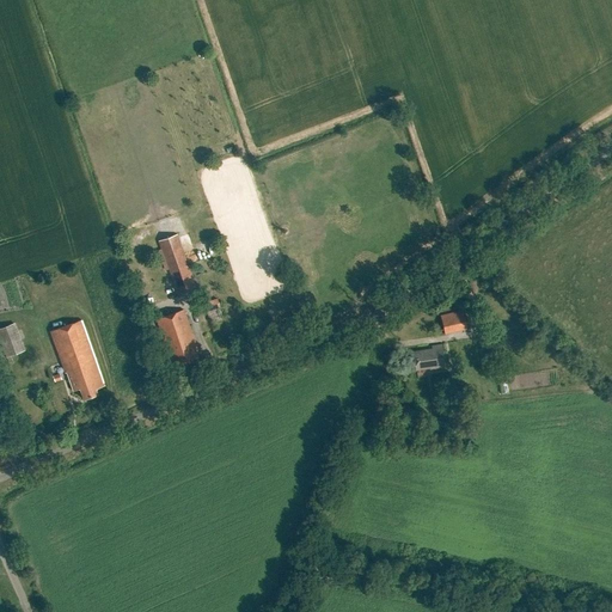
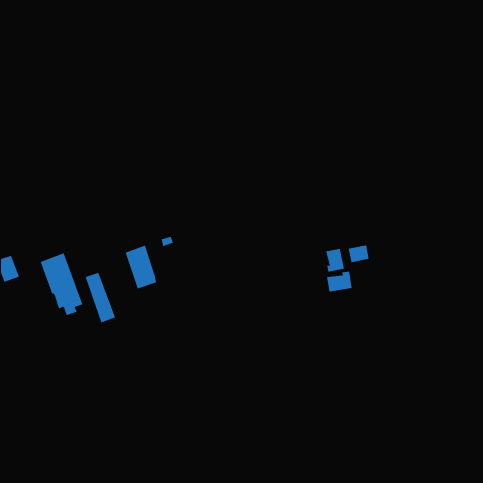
building: [158,234,197,299] -> [85,272,116,323]
building: none -> [326,248,345,272]

